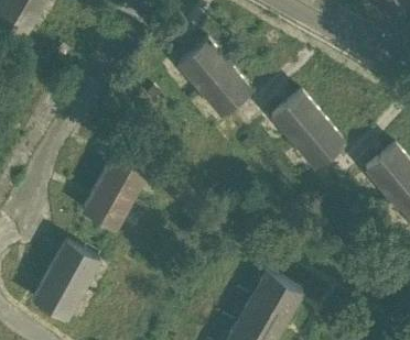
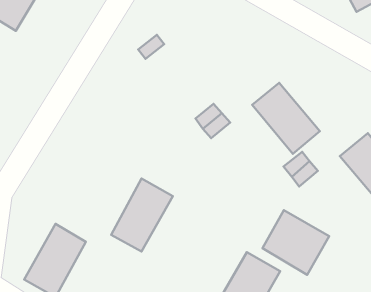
building: [179,40,250,116] -> none
building: [83,152,148,229] -> [111,178,173,251]
building: none -> [262,210,329,275]

